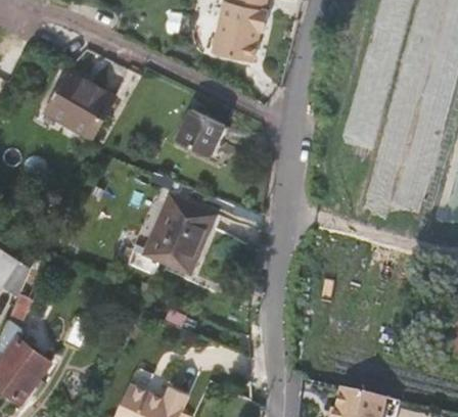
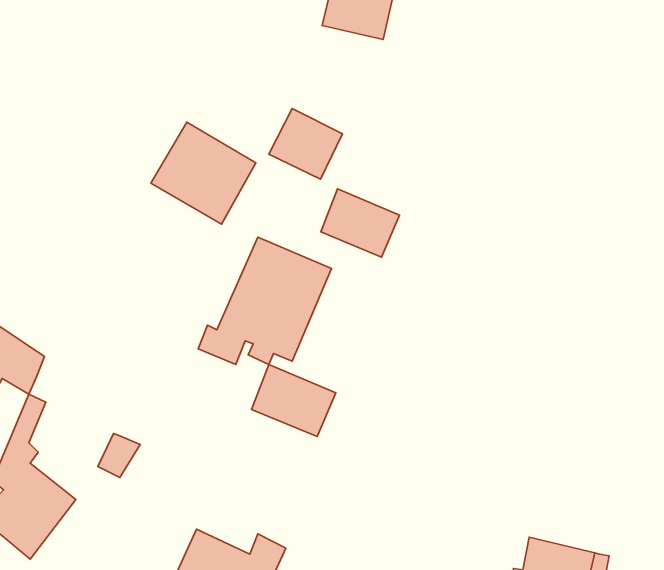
building: [48,71,117,137] -> [151,122,256,224]
building: none -> [321,189,400,257]
building: none -> [251,364,336,437]

